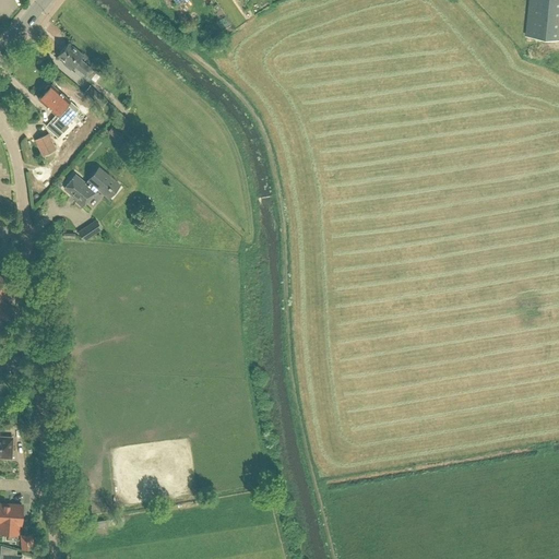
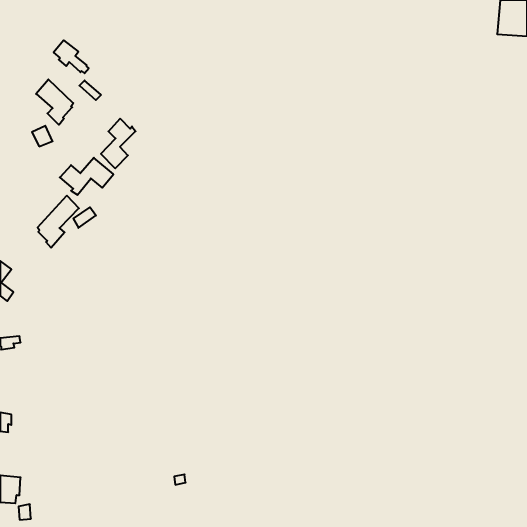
building: none -> [101,119,136,168]
building: none -> [38,196,79,248]

